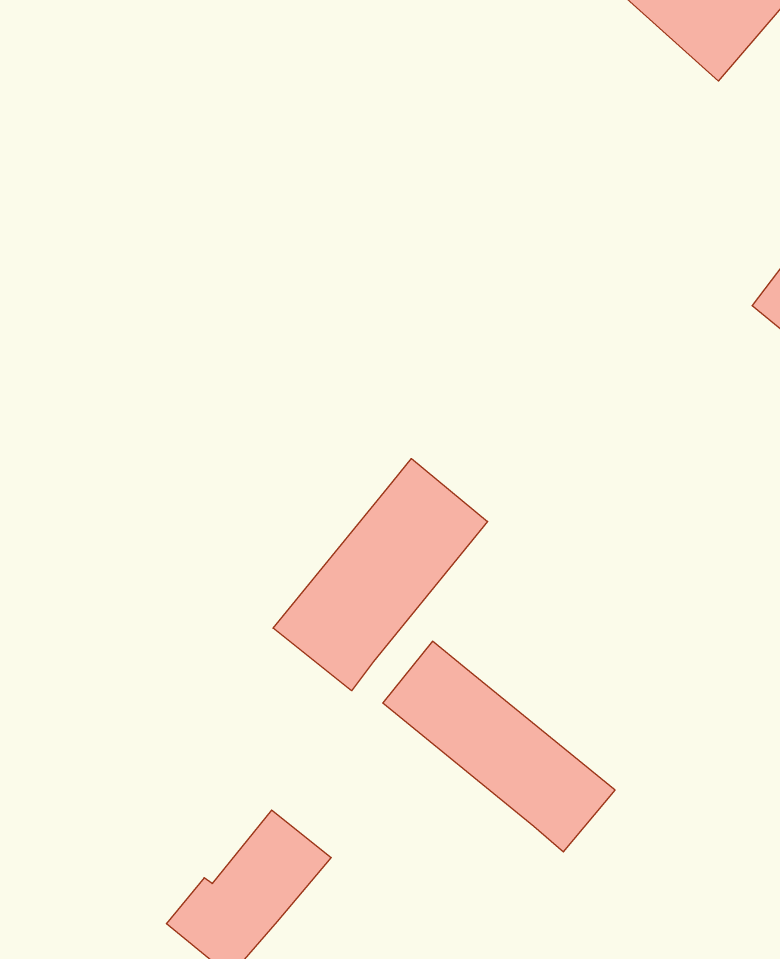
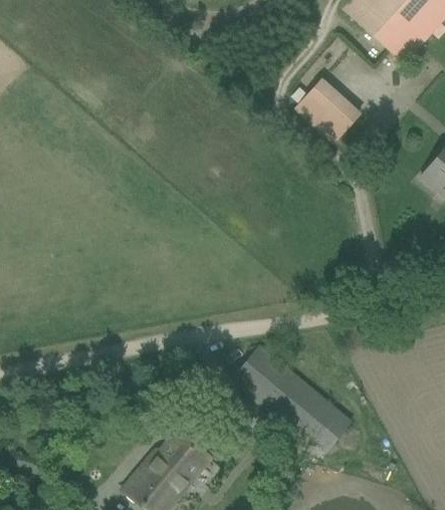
building: none -> [295,78,360,142]
building: [273,459,488,691] -> none

